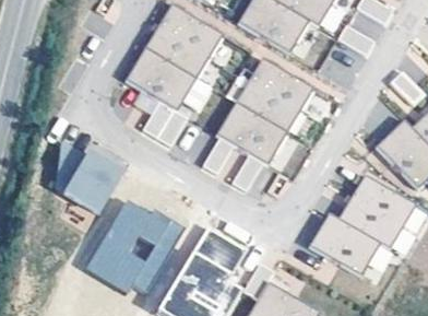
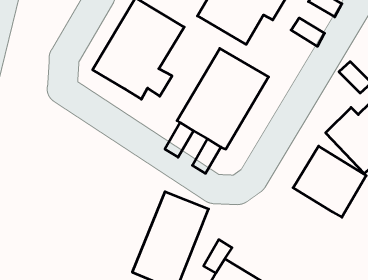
building: [143,102,188,148] -> none
building: [56,144,123,215] -> none
building: [312,202,383,266] -> none
building: [88,206,186,296] -> none

